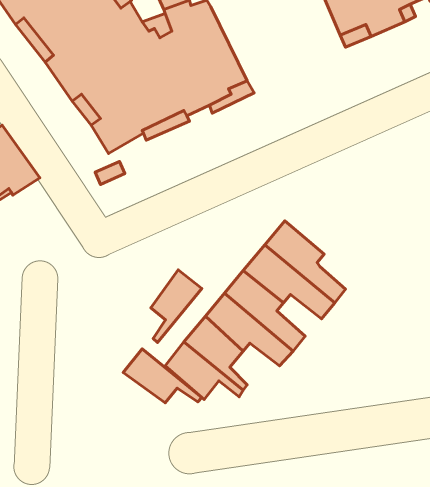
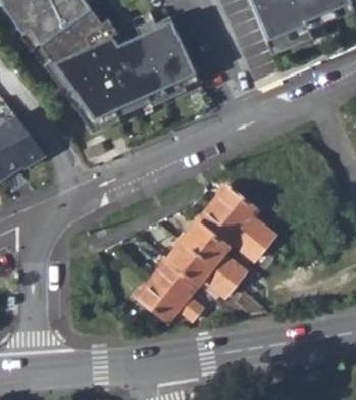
building: [151,270,202,342] -> none
building: [123,349,202,403] -> none

